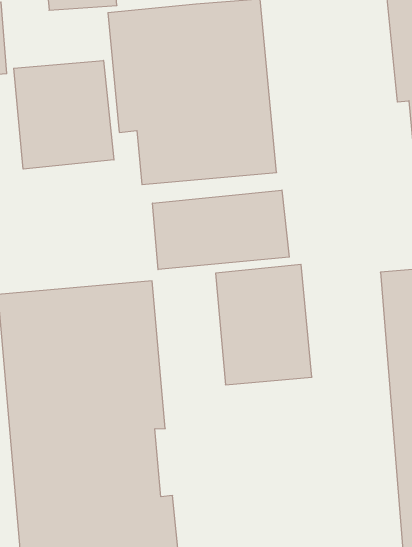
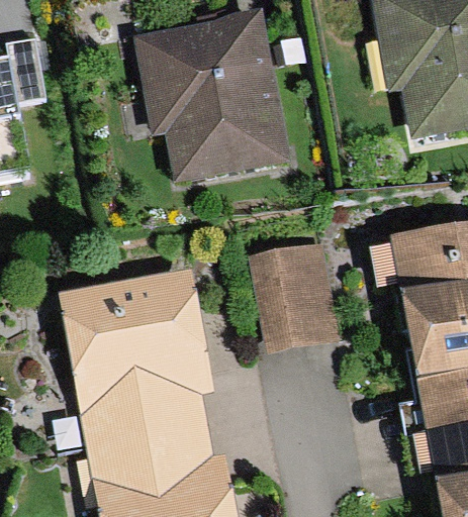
building: [14,60,114,169] -> none
building: [153,190,289,270] -> none

